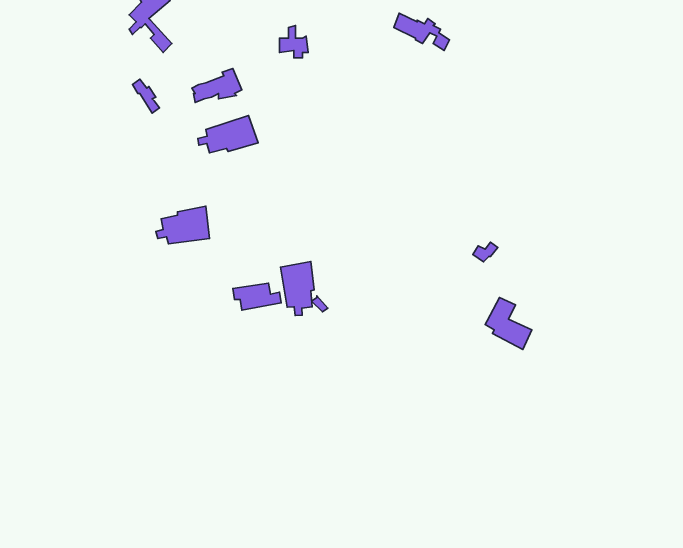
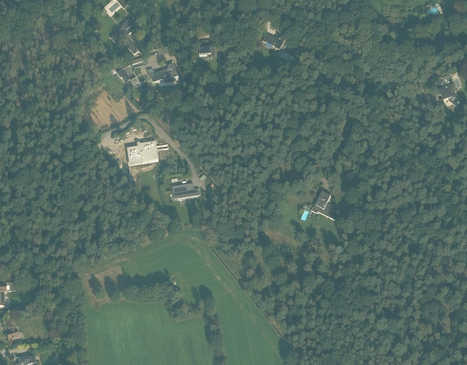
building: [198,115,258,153] -> none
building: [280,262,314,316] -> none

